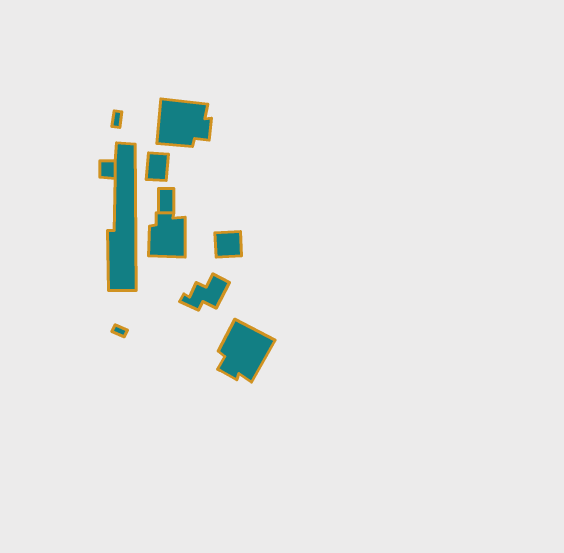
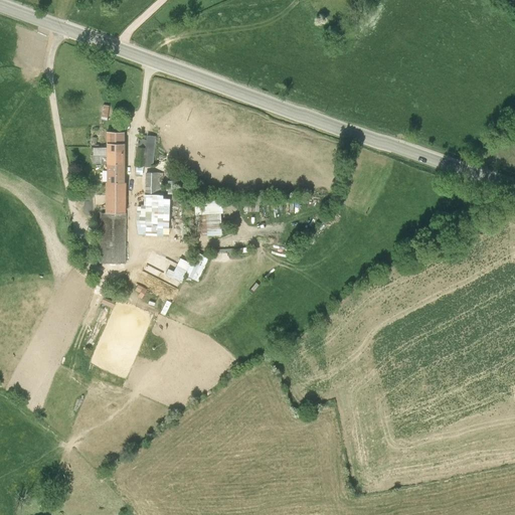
building: [157,99,211,146] -> none
building: [218,319,275,382] -> none

